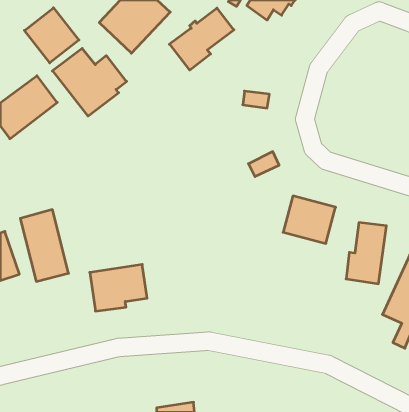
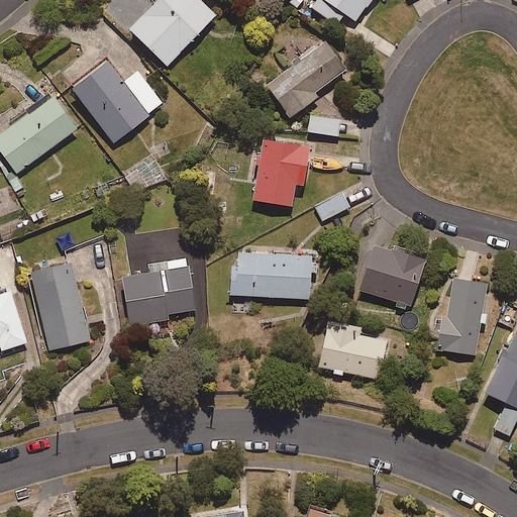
building: [24,8,79,63] -> none
building: [169,8,234,70] -> [266,39,346,117]
building: none -> [254,140,309,206]
building: none -> [230,253,318,298]
building: none -> [317,322,391,382]
building: [90,264,147,311] -> [123,268,195,326]

